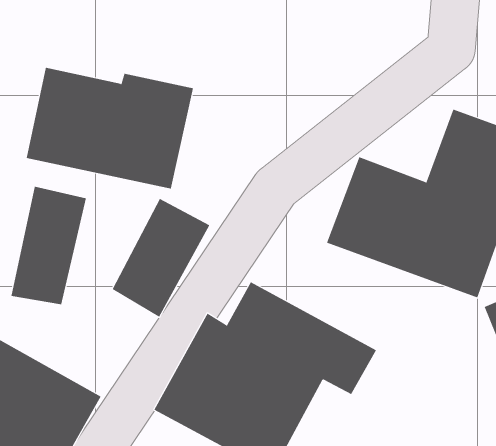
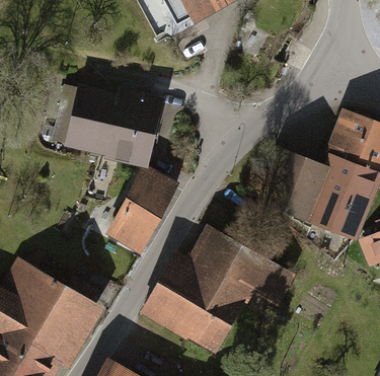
building: [11,186,86,305] -> none

